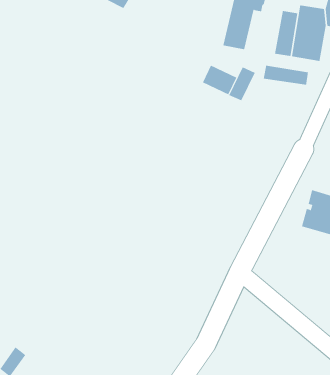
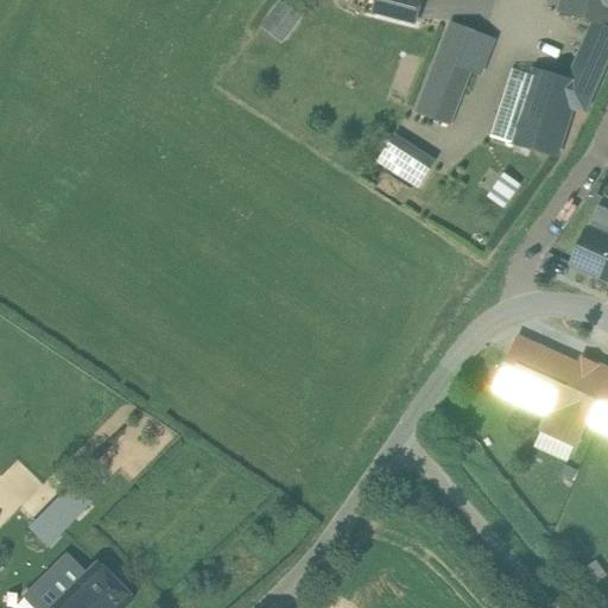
building: [263,65,309,85] -> none
building: [229,67,255,101] -> none

